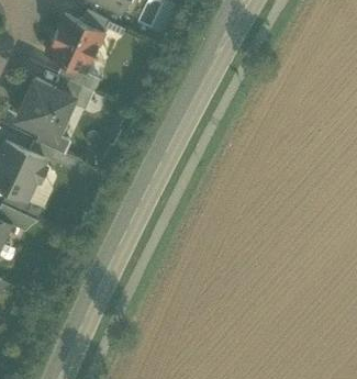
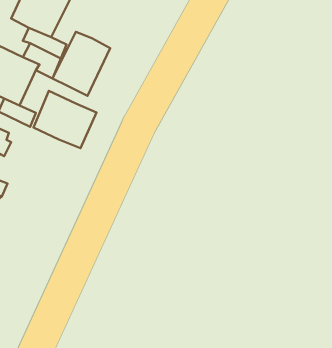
building: none -> [52,32,110,96]
building: none -> [33,91,97,148]

